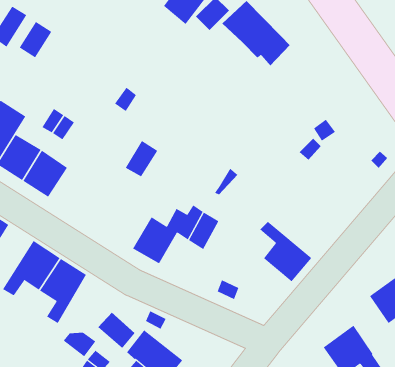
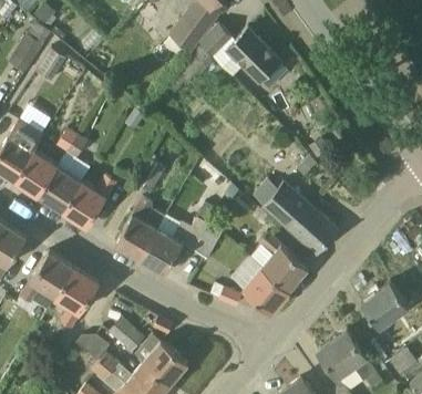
building: none -> [63,177,114,227]
building: none -> [253,179,338,253]
building: none -> [115,198,158,259]
building: none -> [244,268,289,312]

